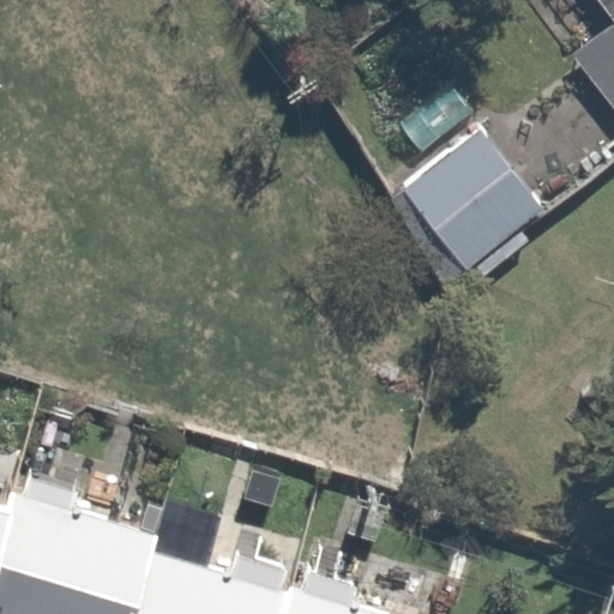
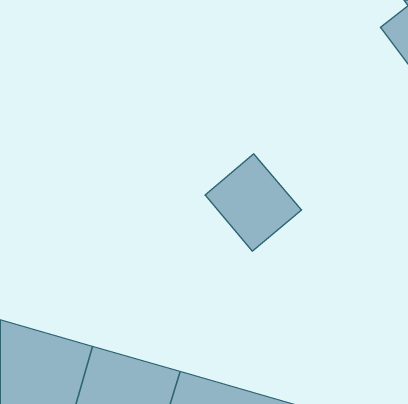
building: [401,132,543,276] -> [205,154,302,251]

